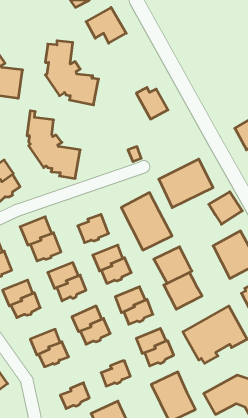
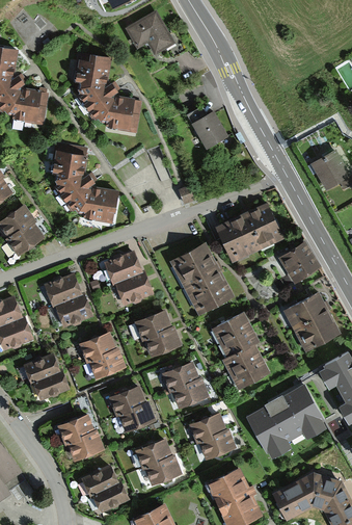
building: none -> [103,251,142,286]
building: none -> [134,438,171,469]
building: none -> [83,465,120,497]

